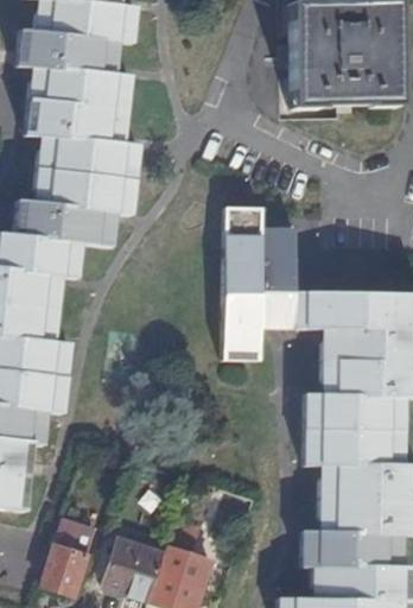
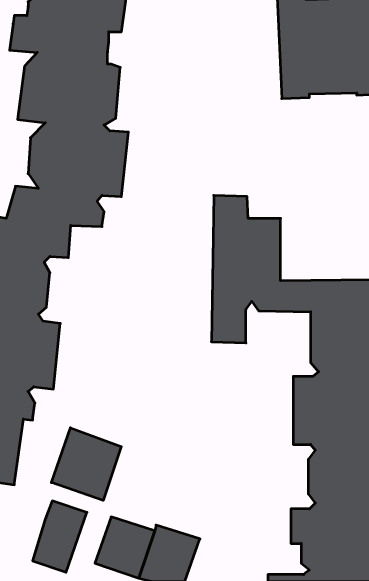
building: none -> [51,428,121,500]

